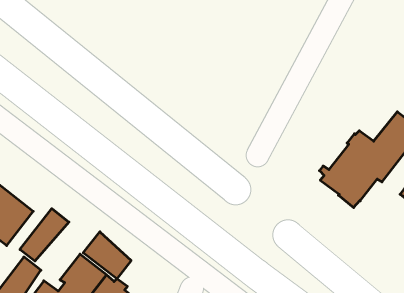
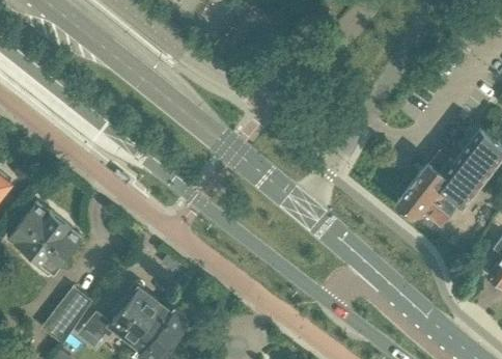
building: [20,209,69,261] -> none
building: [83,232,131,279] -> none

